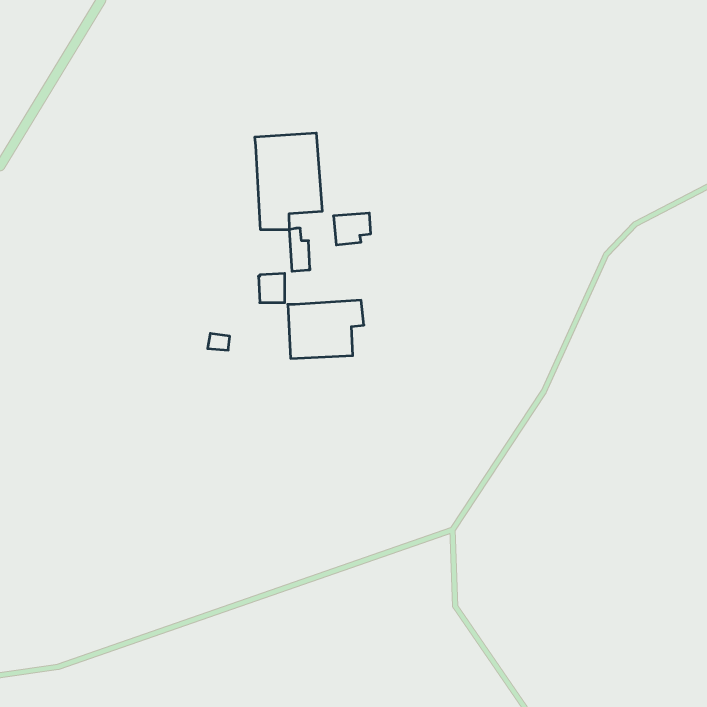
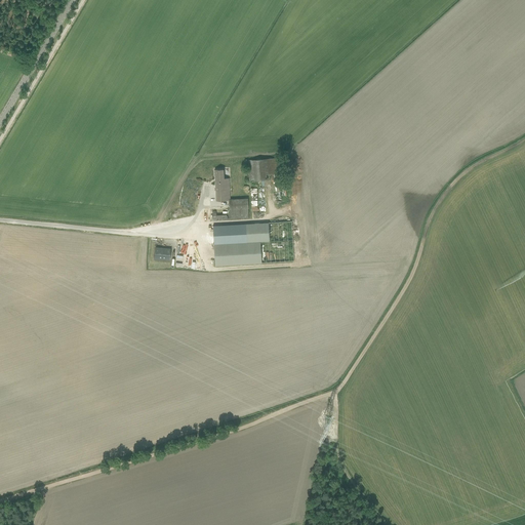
building: [255,133,322,230] -> none
building: [258,273,285,303] -> [229,198,248,219]

